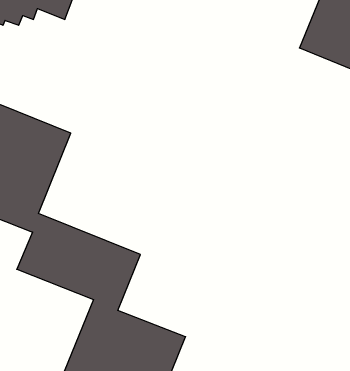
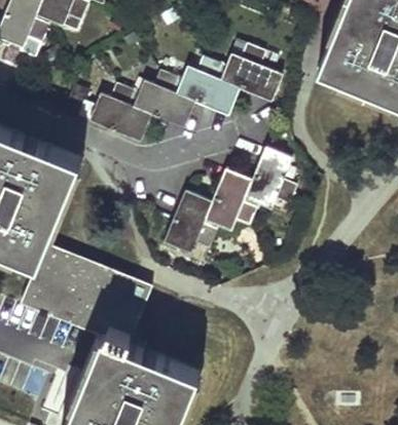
building: none -> [65,40,282,141]
building: none -> [164,148,296,253]

